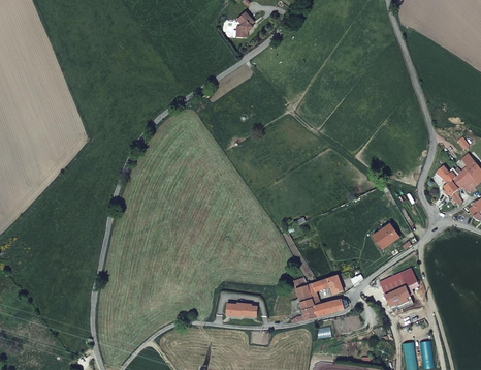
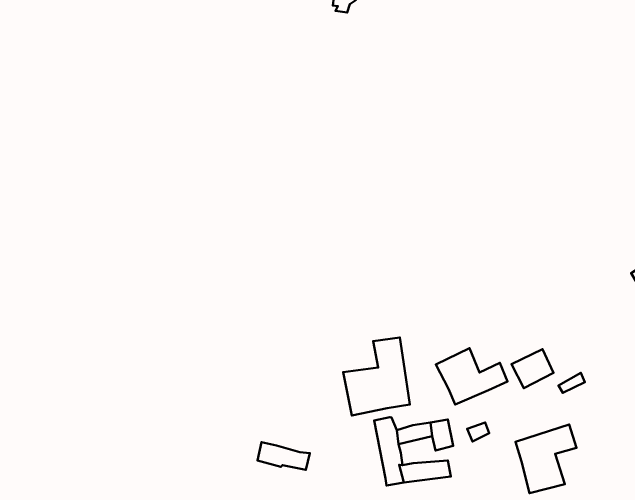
building: none -> [343,337,410,416]
building: none -> [436,348,508,404]

